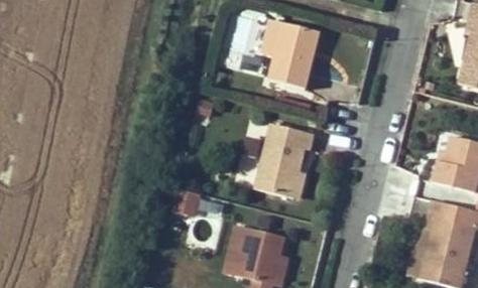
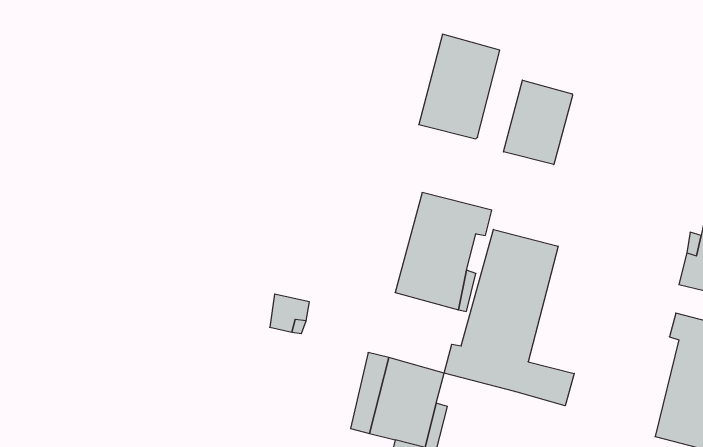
building: none -> [504,80,573,165]
building: none -> [444,229,574,406]

